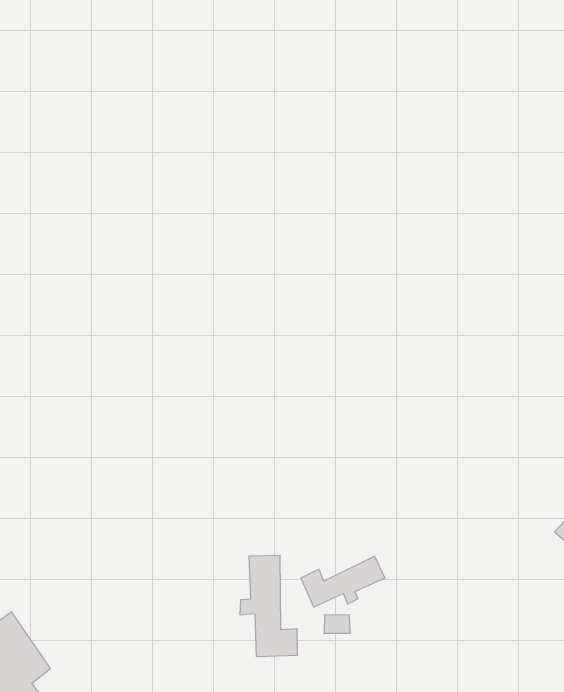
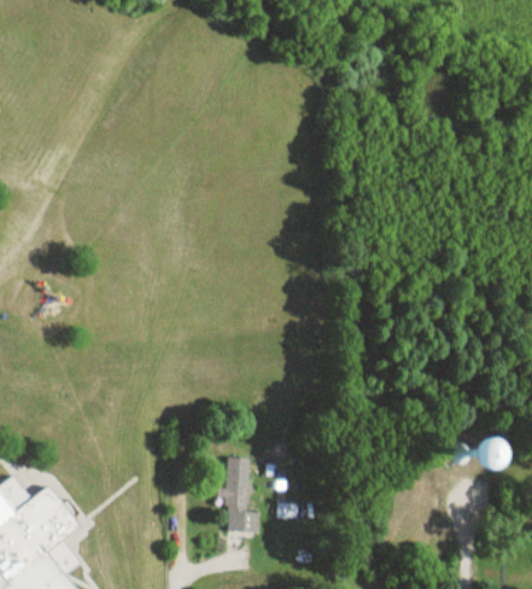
building: [301,556,385,607] -> none

